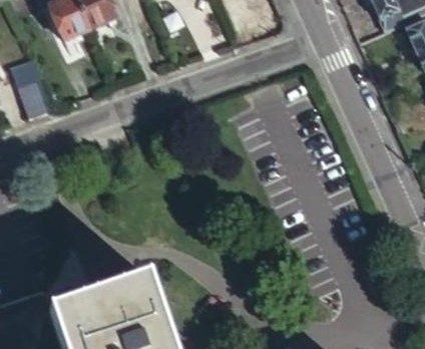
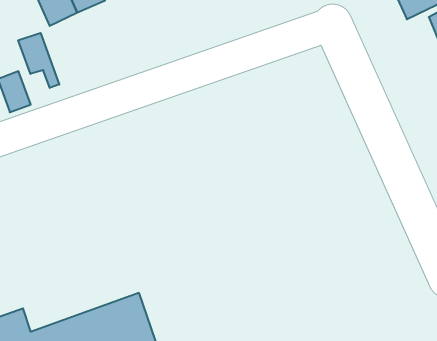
building: none -> [18,33,59,88]

